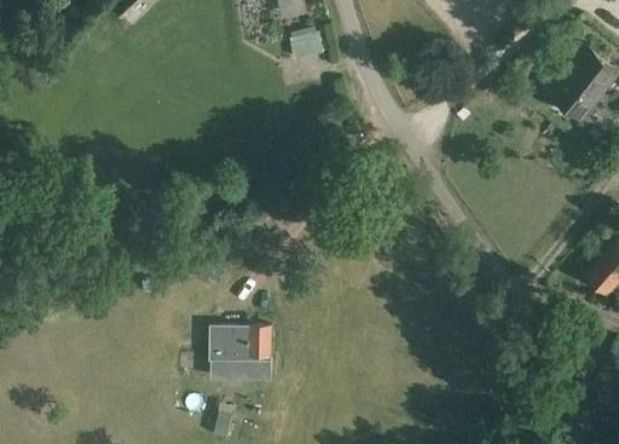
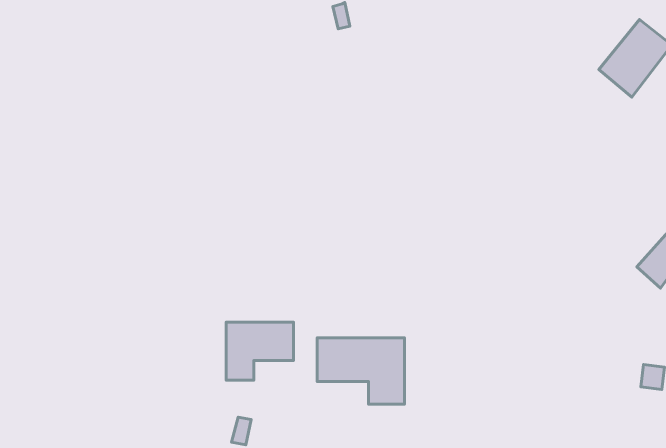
building: none -> [317,338,404,404]

